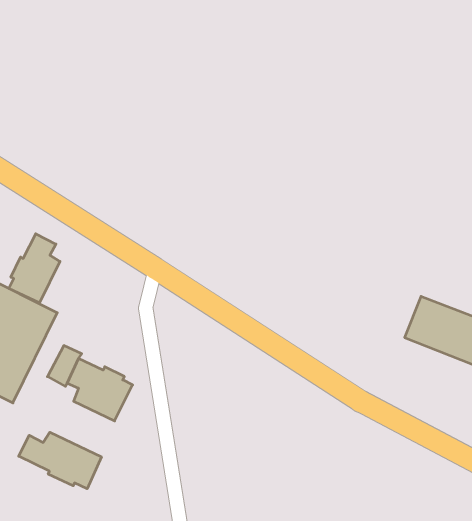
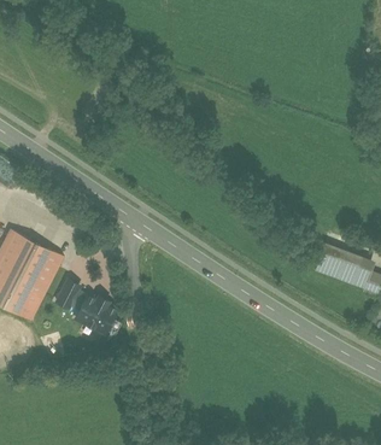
building: [9,234,60,303] -> none
building: [19,432,101,489] -> none

